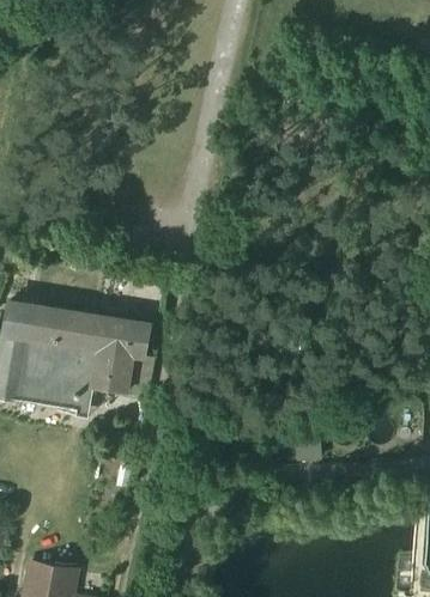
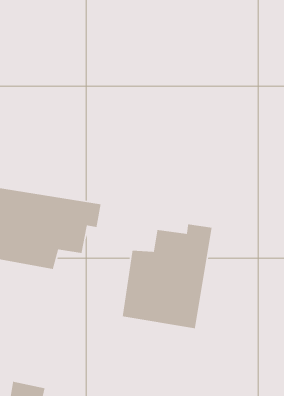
building: none -> [122,224,213,329]

